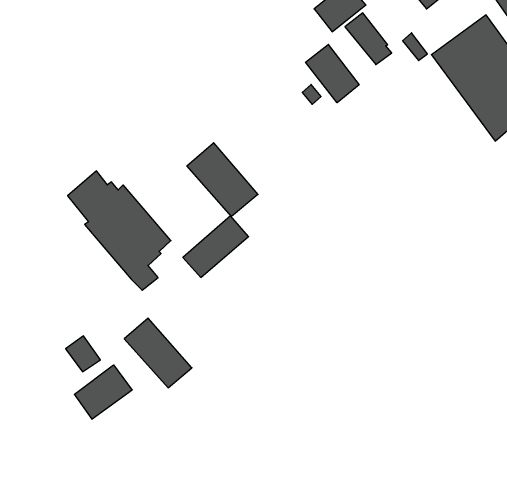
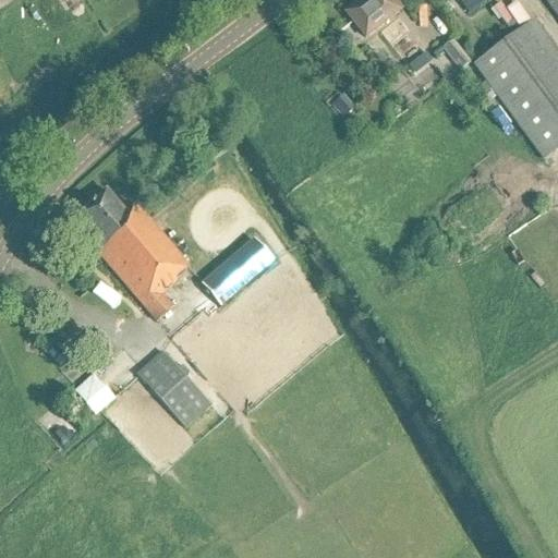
building: [306,44,359,103] -> none
building: [187,143,258,216] -> none
building: [74,365,132,419] -> none

